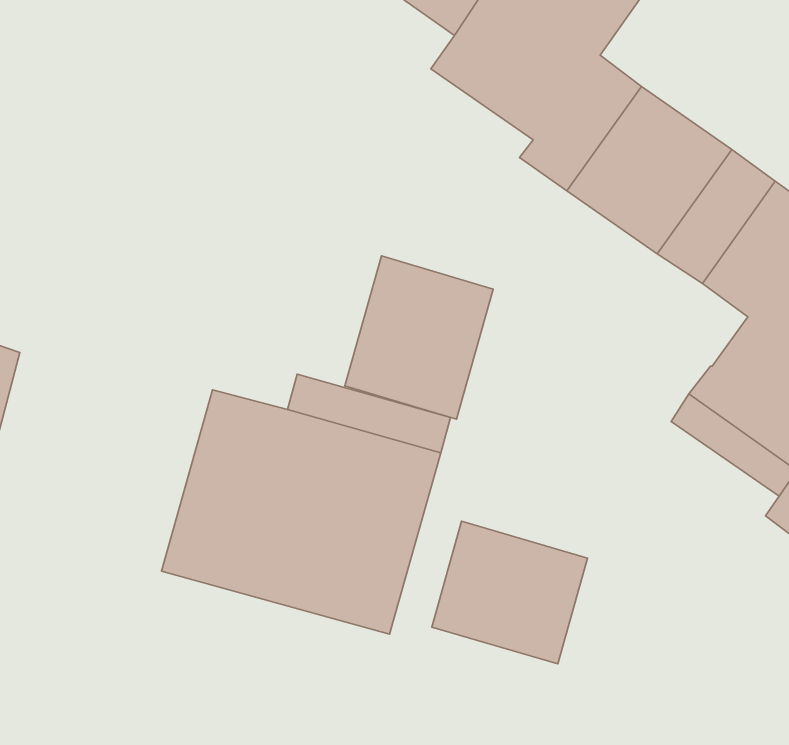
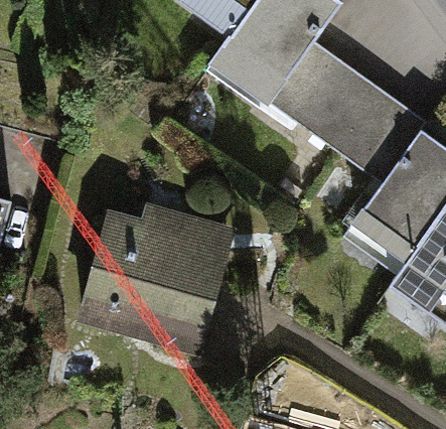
building: [345,256,493,419] -> none
building: [432,521,588,664] -> none

